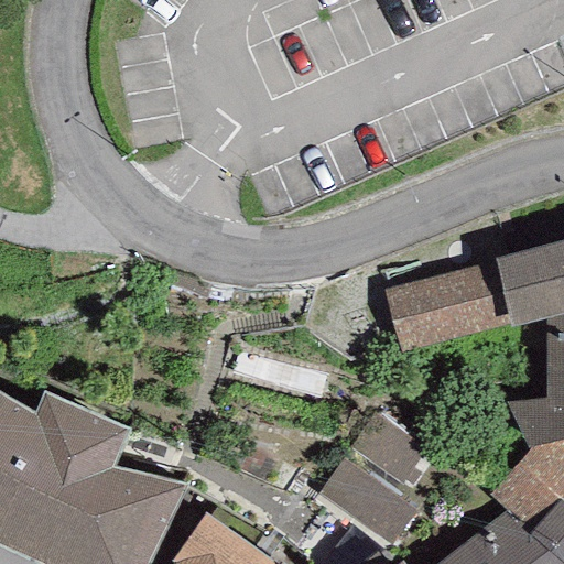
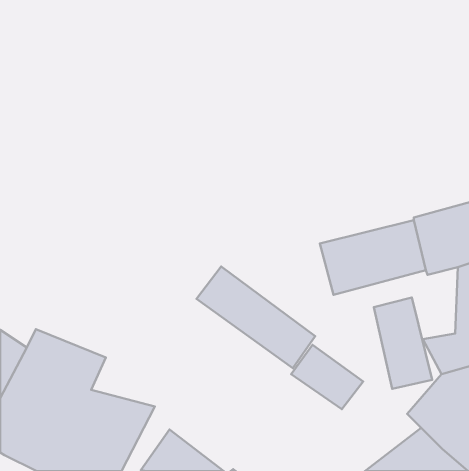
building: none -> [197,267,315,368]
building: none -> [374,298,432,389]
building: [317,458,416,547] -> none

